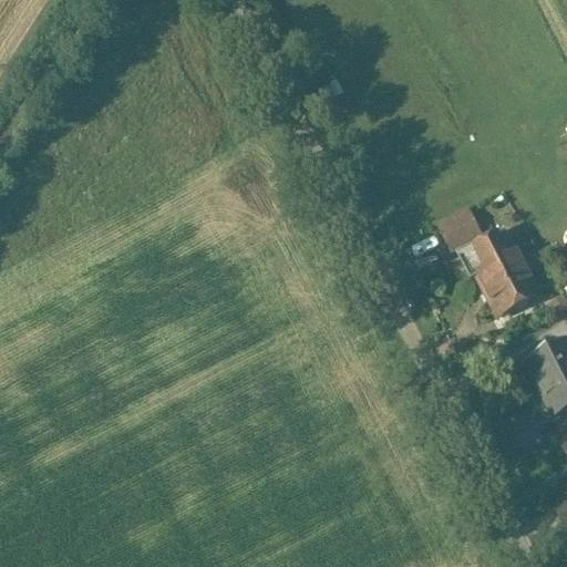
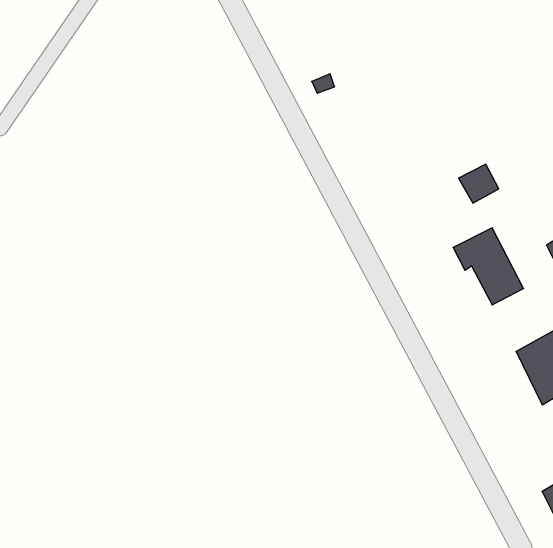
building: [440,208,481,248] -> [459,164,499,203]

